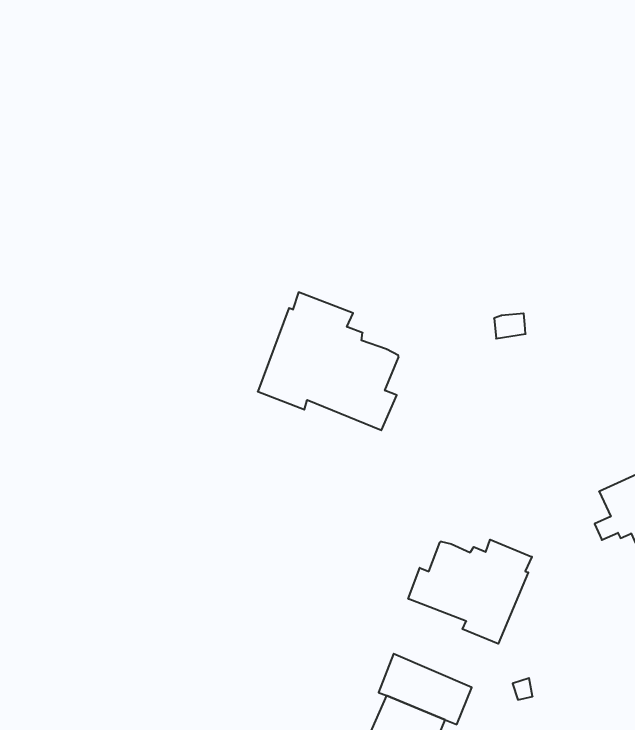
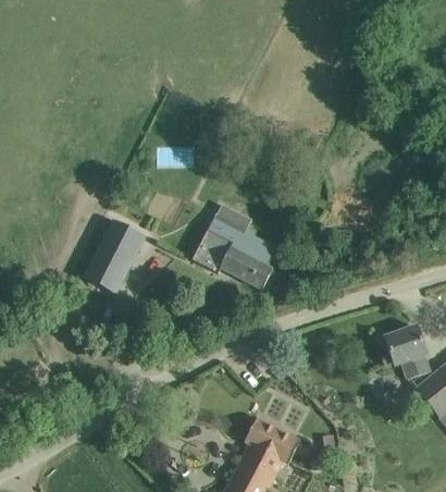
building: none -> [84,220,145,294]
building: [408,540,532,644] -> none

